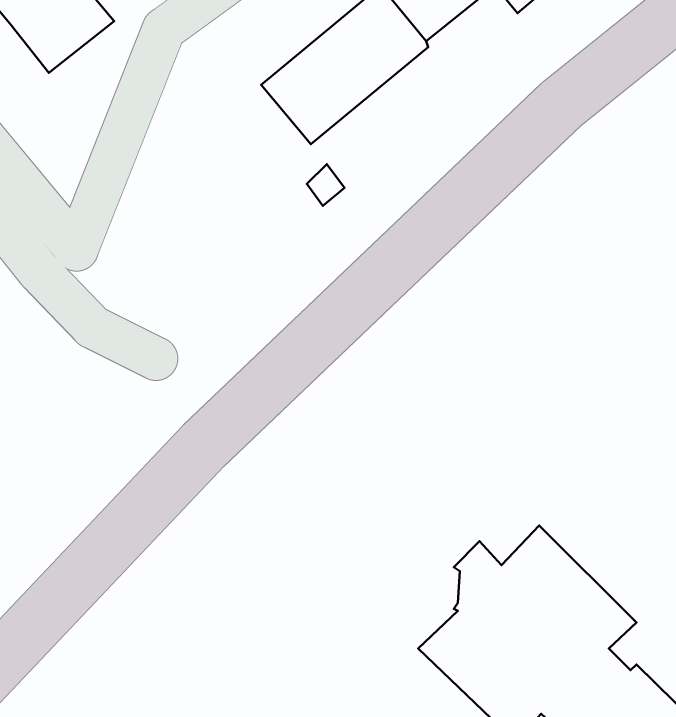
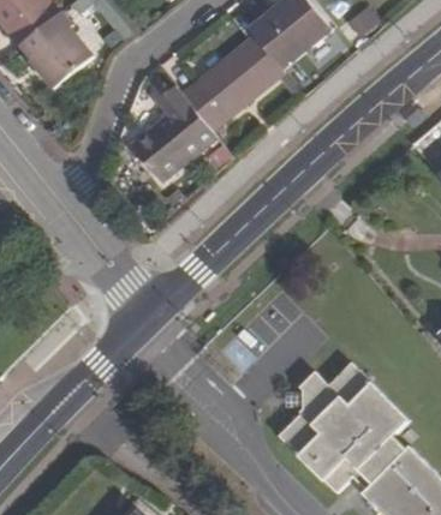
building: none -> [130,85,216,181]

